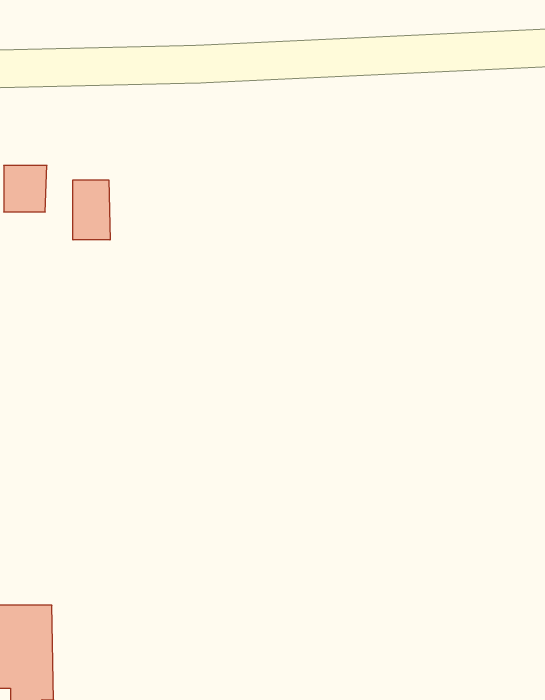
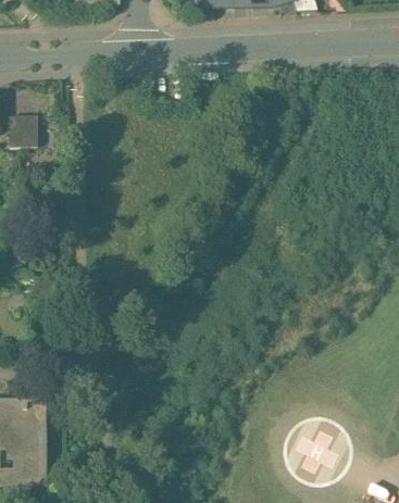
building: [73,180,110,240] -> none

